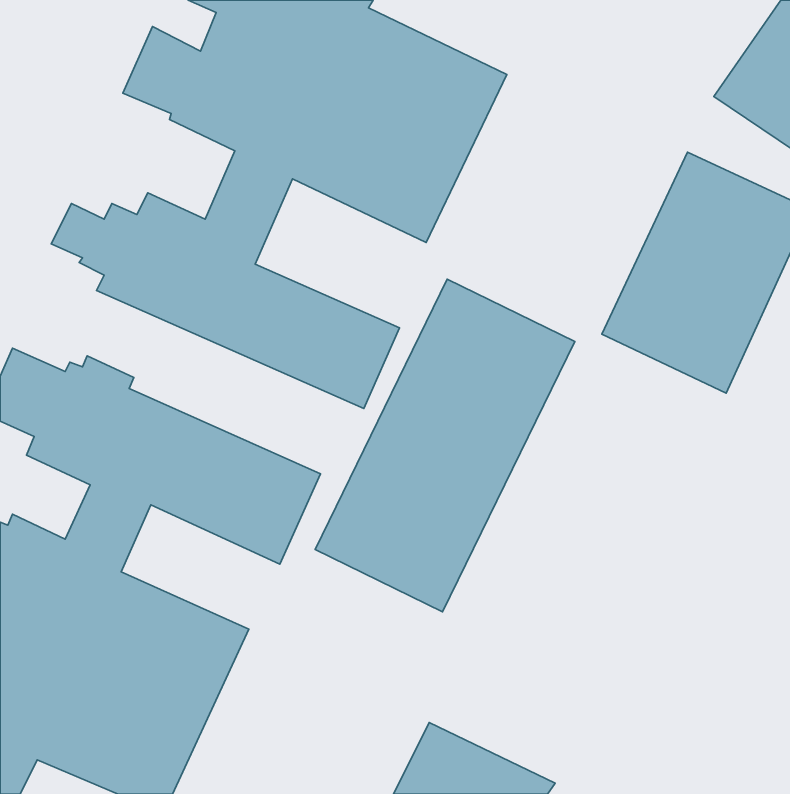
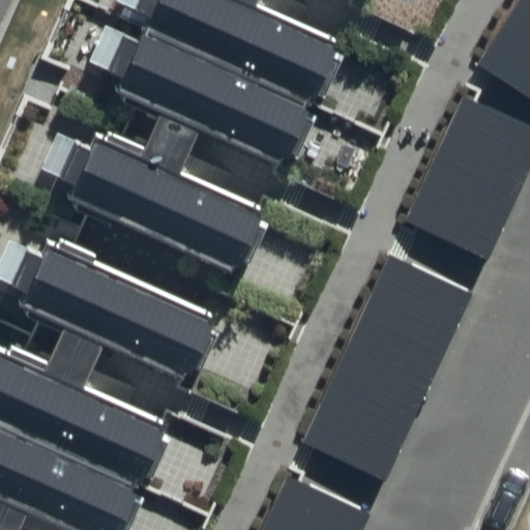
building: [315,279,575,612] -> [300,261,473,482]

